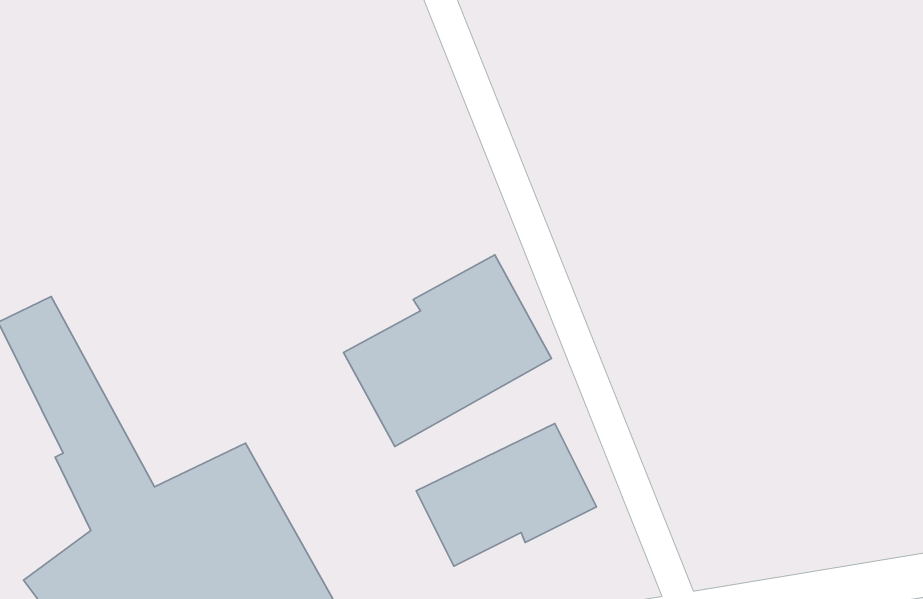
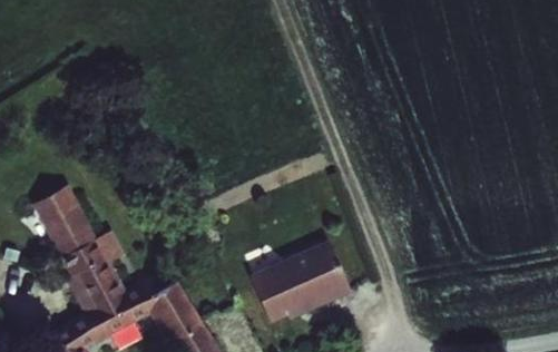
building: [343,255,551,446] -> none

